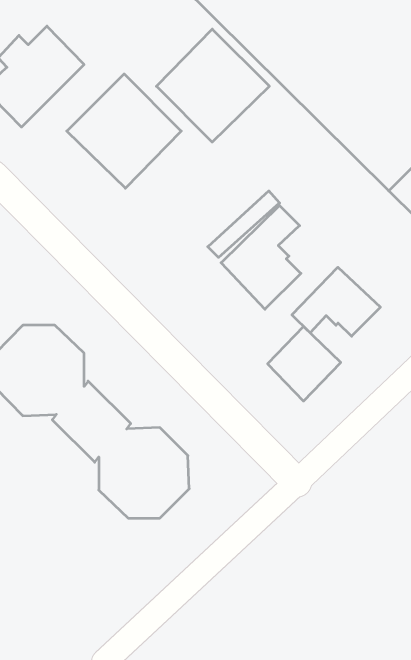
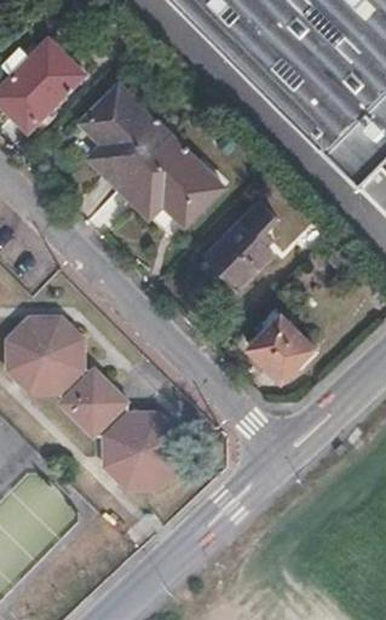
building: [156,29,269,142] -> [122,136,225,239]
building: [292,267,380,336] -> none

